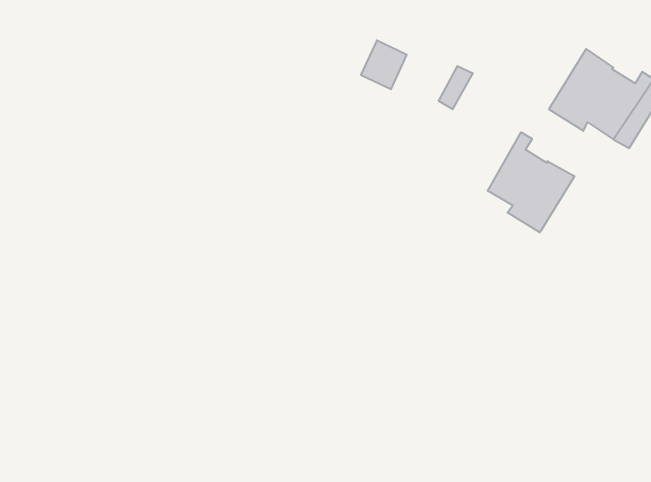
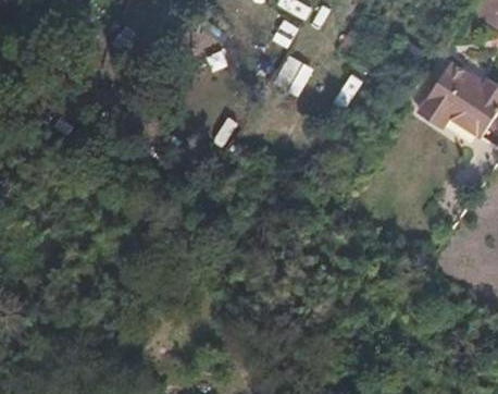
building: [488,132,574,232] -> none

